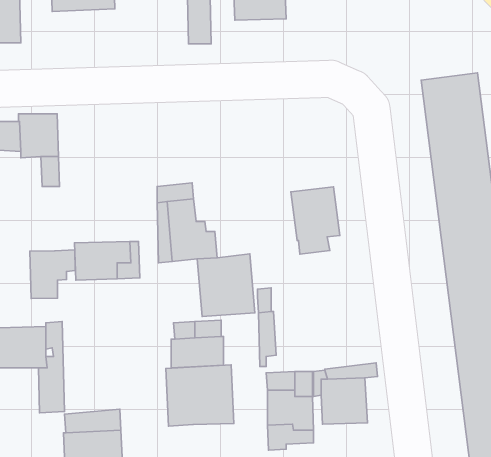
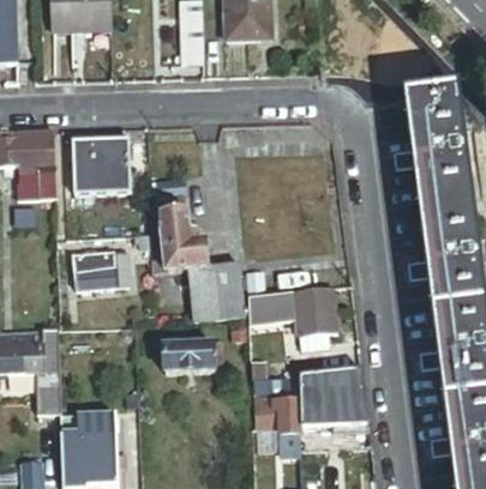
building: none -> [73,137,133,194]
building: [291,187,340,254] -> [293,285,340,350]
building: [30,250,75,299] -> none
building: [166,365,234,426] -> none

